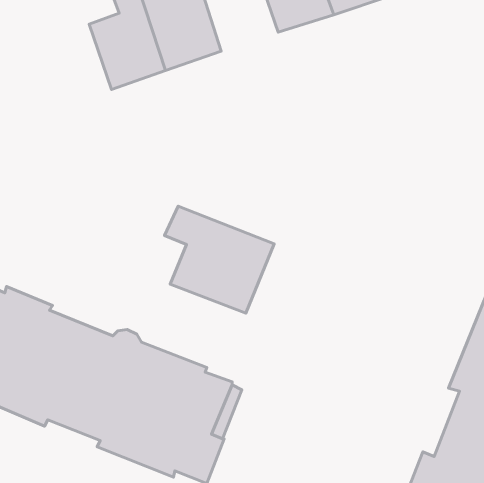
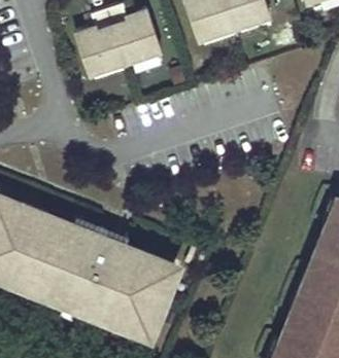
building: [165,206,274,313] -> none

